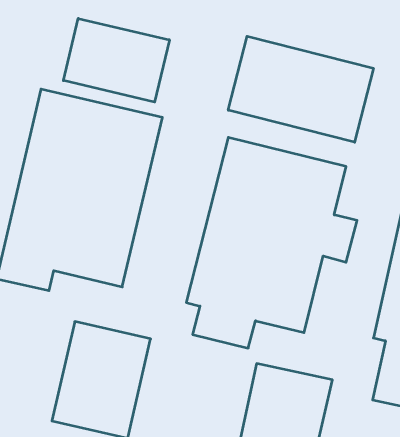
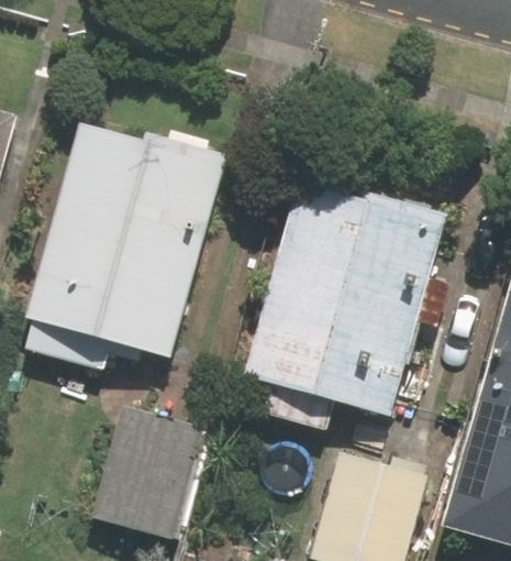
building: [63,18,169,102] -> none
building: [228,36,373,142] -> none

